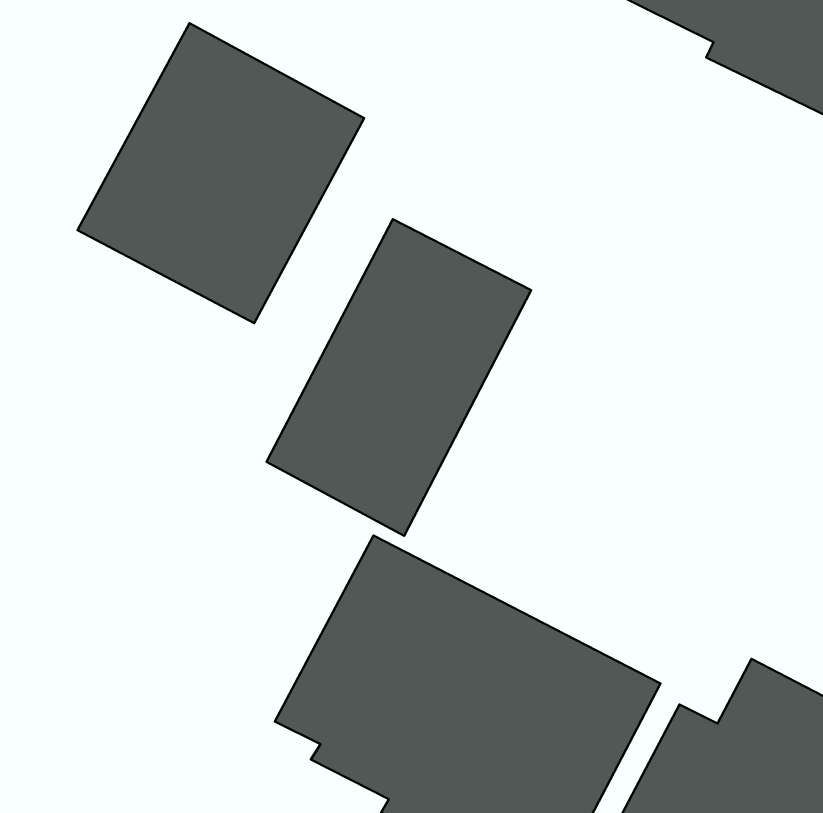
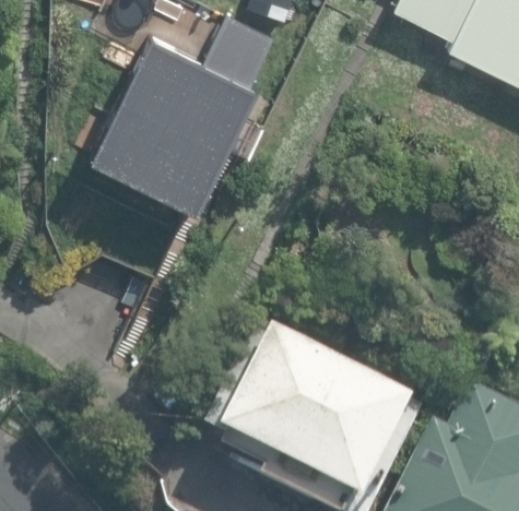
building: [267,219,531,536] -> none

